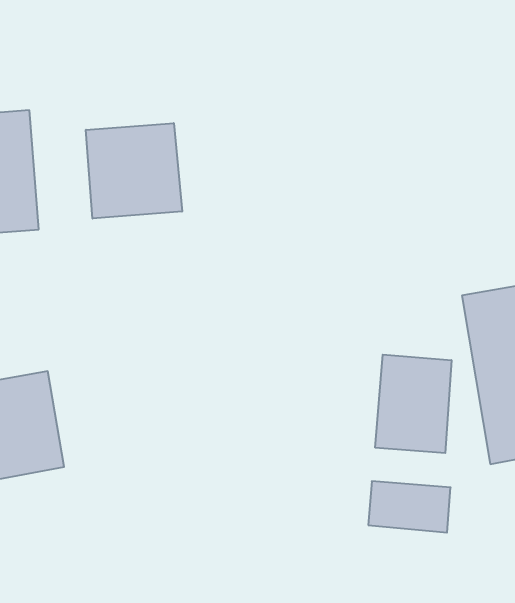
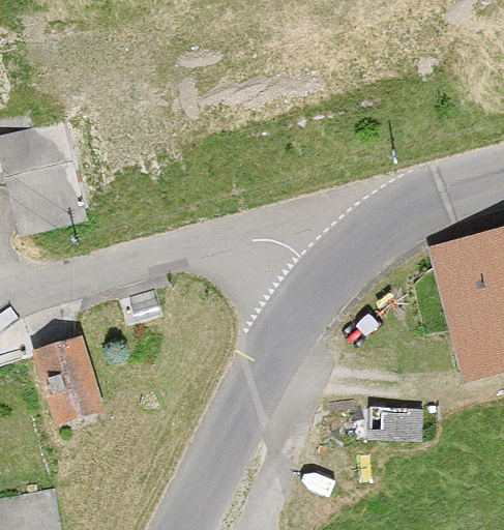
building: [86,123,182,219] -> none
building: [375,355,451,453] -> none

